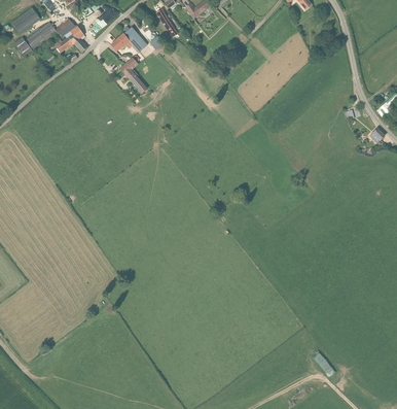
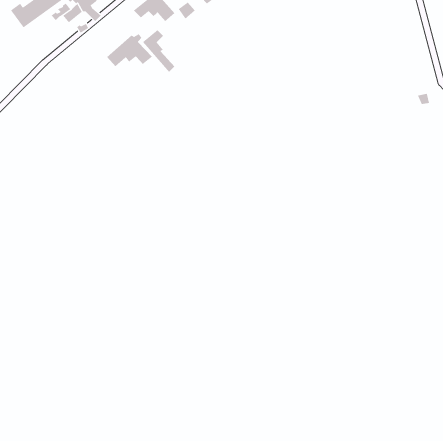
building: none -> [106,33,153,67]

